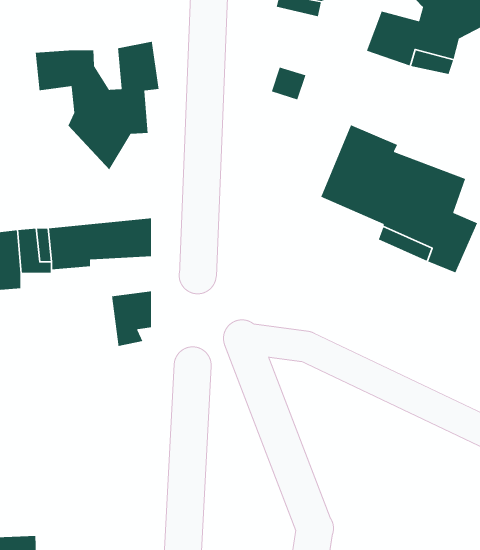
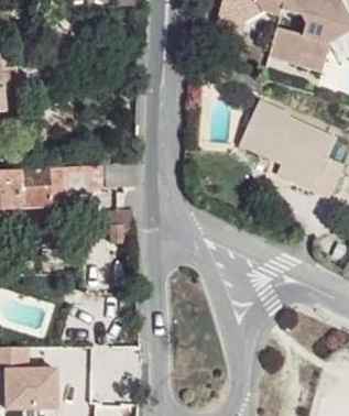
building: [35,41,160,171] -> none

